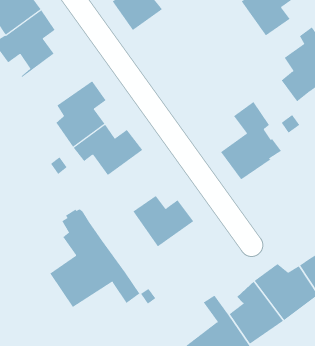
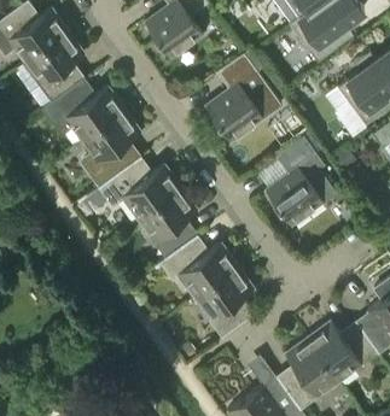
building: none -> [205,53,280,140]
building: none -> [45,82,123,140]
building: none -> [140,189,196,258]
building: [50,208,140,308] -> none
building: none -> [196,269,252,335]

